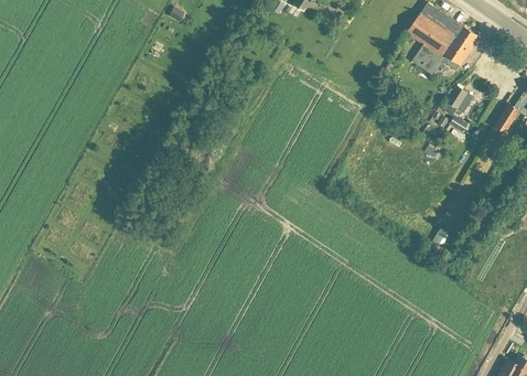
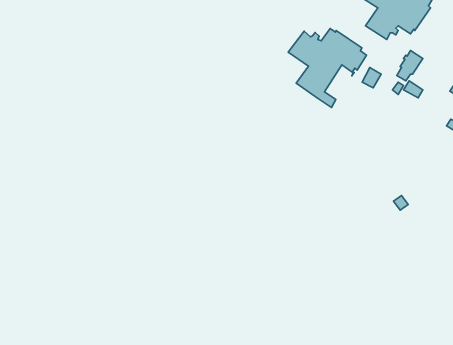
building: none -> [288,29,366,108]

